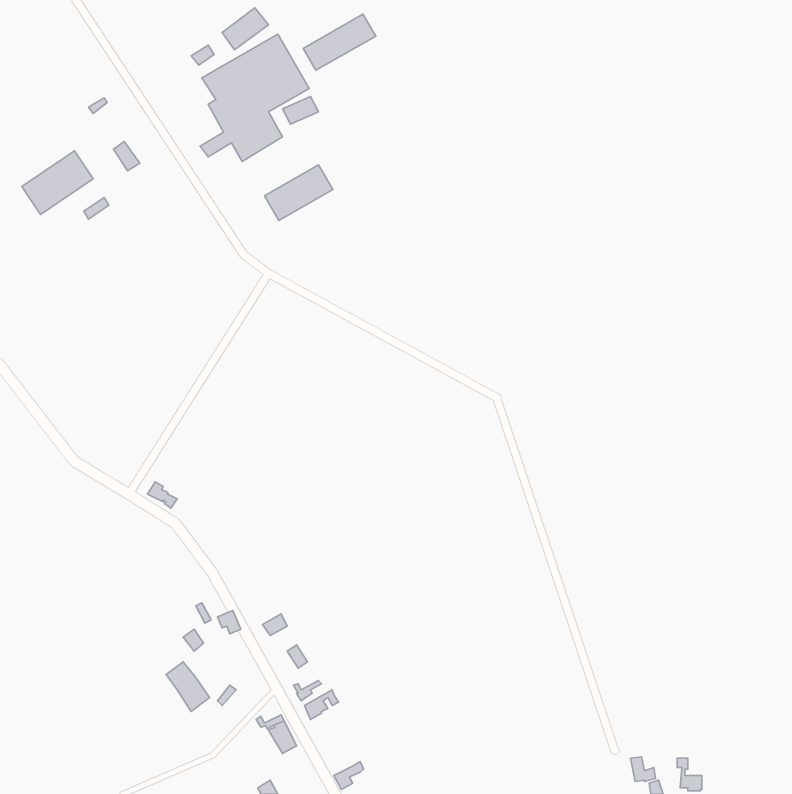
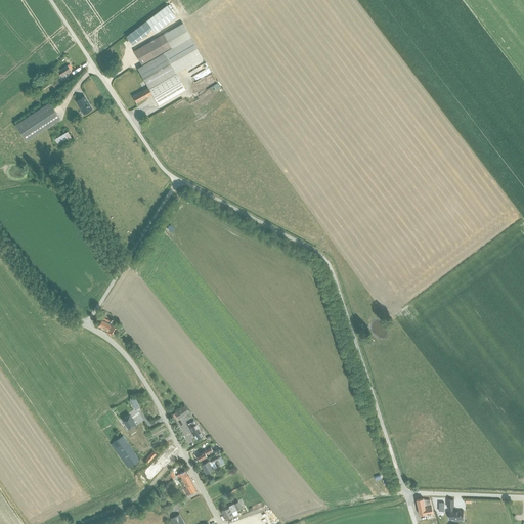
building: [303,14,376,70] -> none
building: [264,165,333,220] -> none

